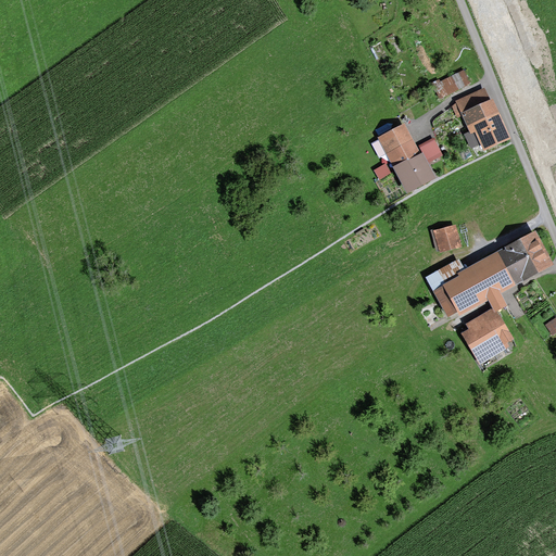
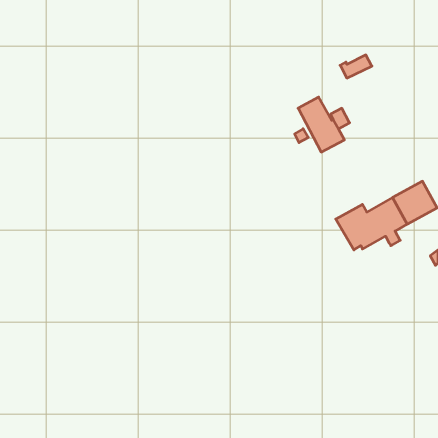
building: [451,88,510,152] -> none
building: [429,225,460,253] -> none
building: [460,308,513,365] -> none

